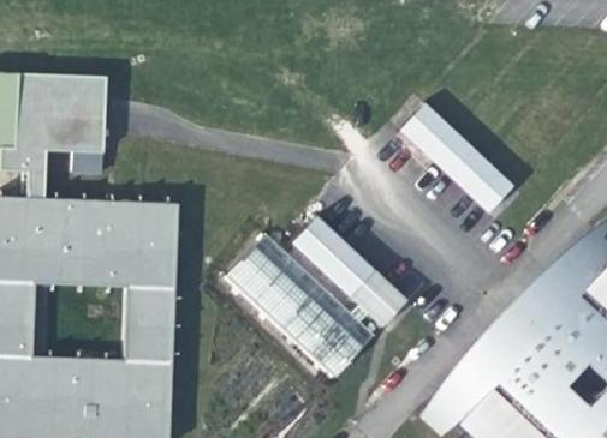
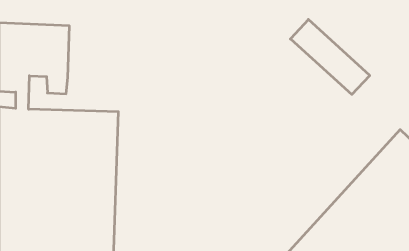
building: [397,100,513,210] -> [290,19,370,94]
building: [224,214,410,379] -> none

